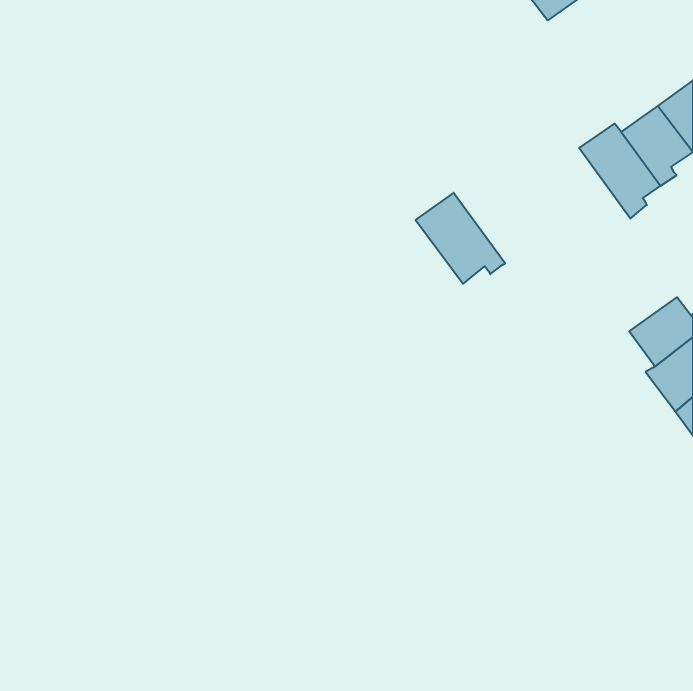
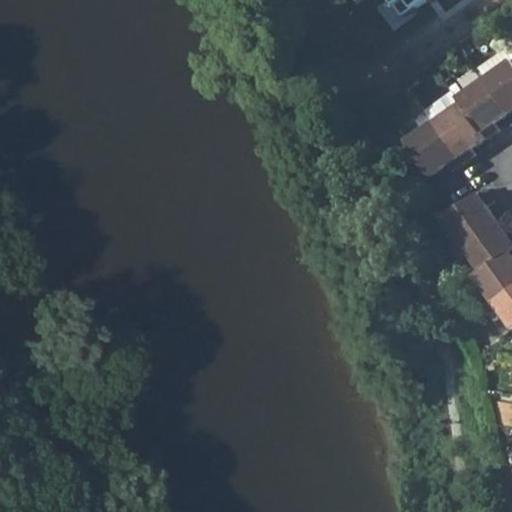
building: [416,193,505,284] -> [399,109,465,176]
building: none -> [445,188,499,244]

